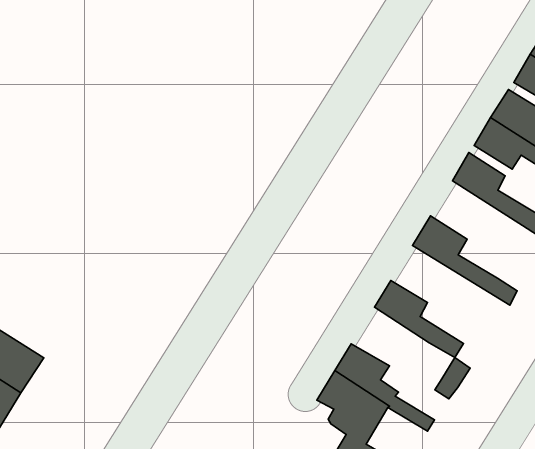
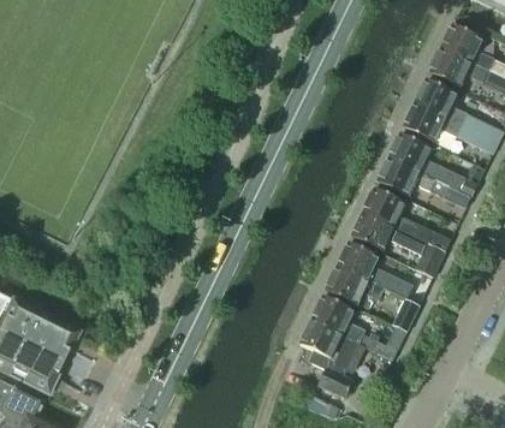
building: none -> [376,155,448,196]
building: none -> [351,210,445,277]
building: none -> [323,263,384,305]

